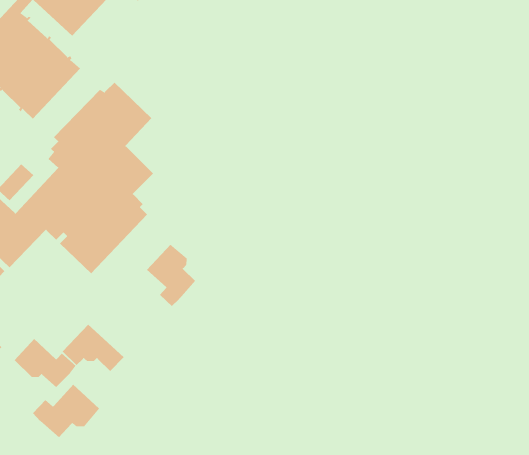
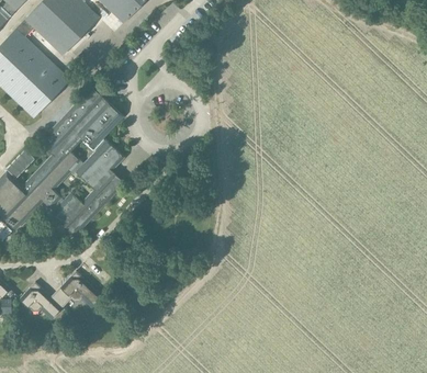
building: [146,244,196,307] -> none
building: [32,384,100,438] -> none

